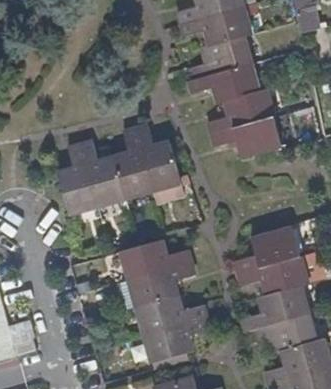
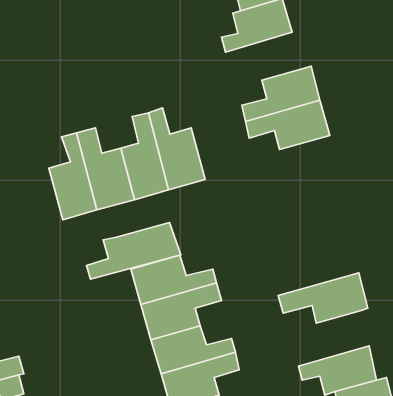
building: [188,63,255,103] -> none
building: none -> [87,223,181,279]
building: [233,227,300,272] -> none
building: [242,284,308,330] -> none

